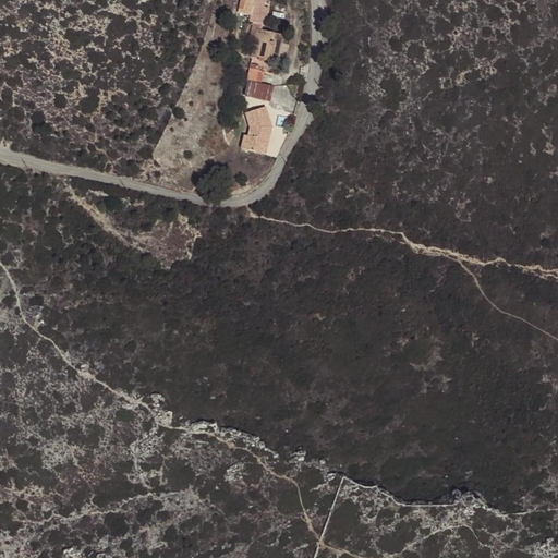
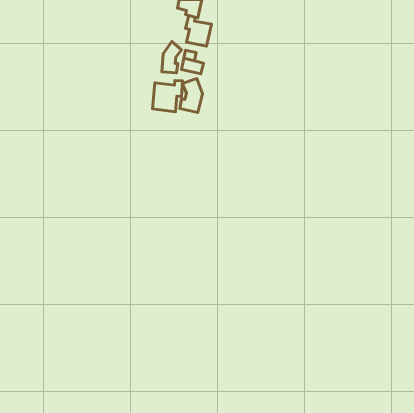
building: none -> [162,42,182,73]
building: none -> [152,80,182,112]

